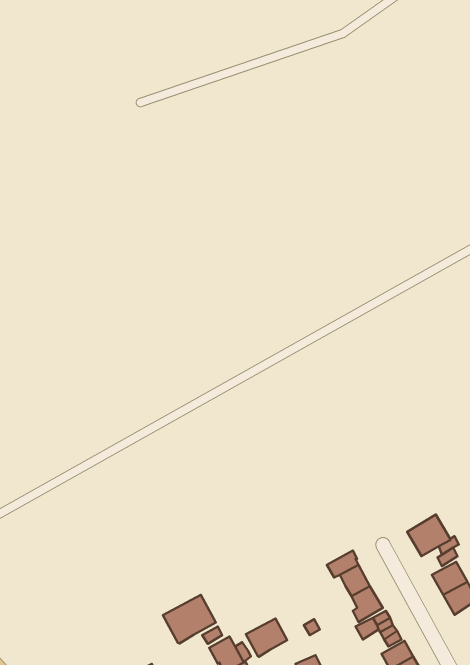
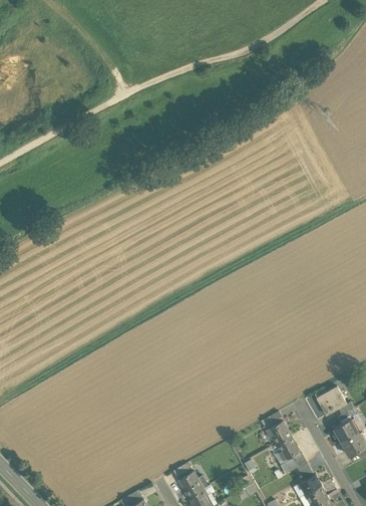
building: [163,595,216,644] -> none
building: [246,618,287,657] -> none

